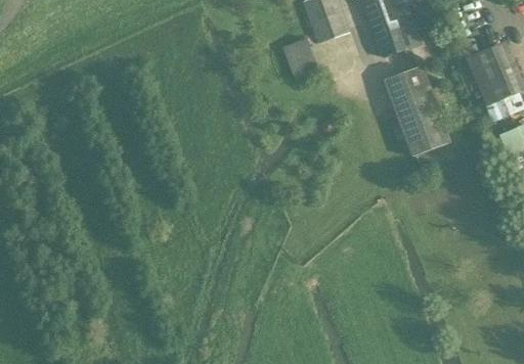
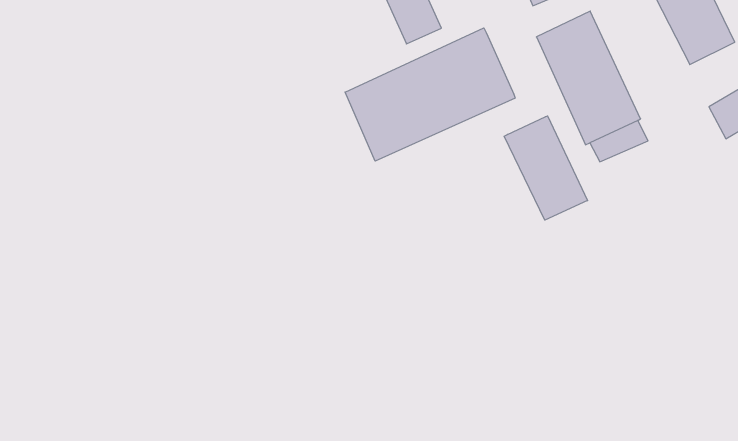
building: none -> [345,28,515,161]
building: none -> [504,116,588,220]

